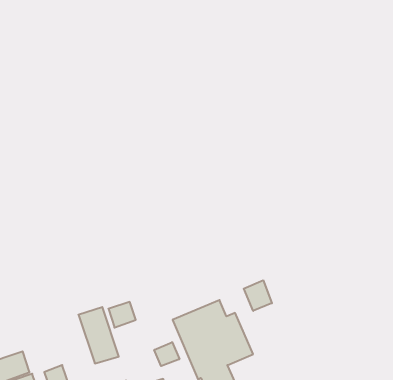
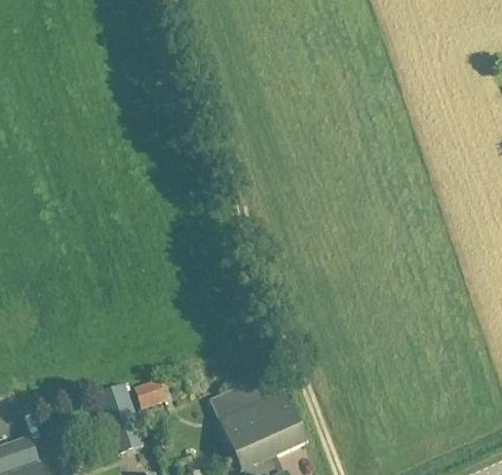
building: [244,280,272,311] -> none
building: [154,342,179,366] -> none

